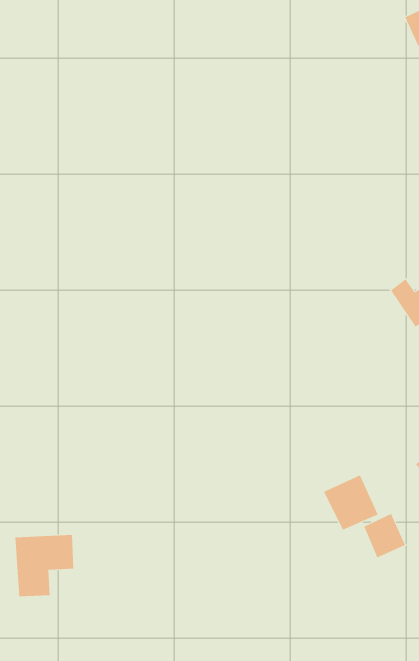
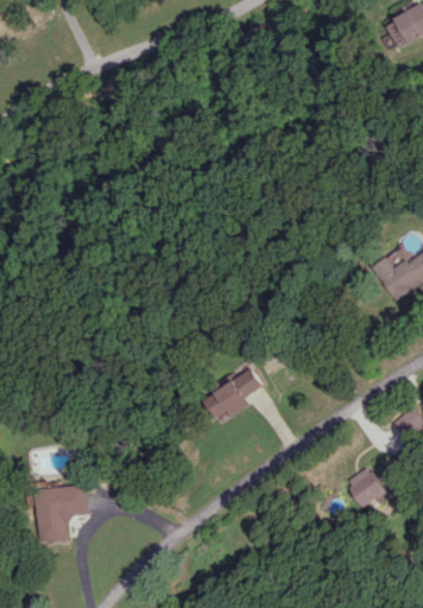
building: none -> [203,369,264,422]
building: [323,474,379,531] -> none

